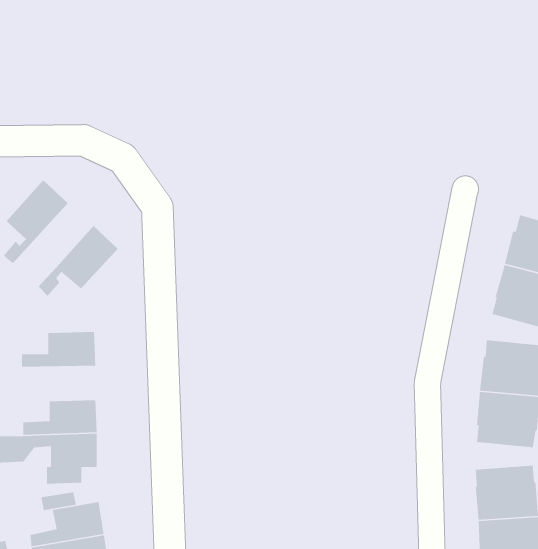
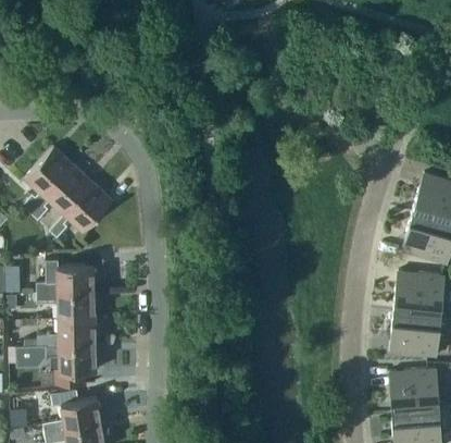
building: none -> [29,164,92,220]
building: none -> [36,292,95,319]

